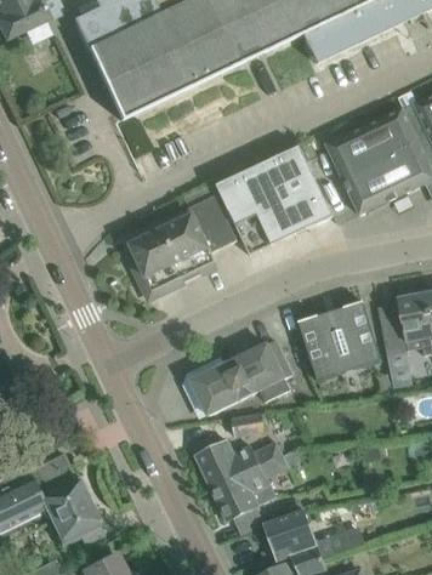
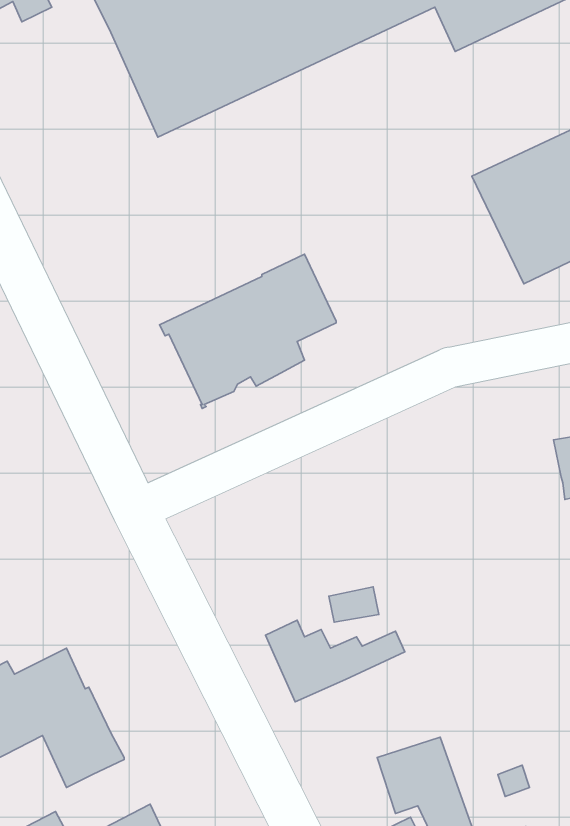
building: [216,144,332,255] -> none
building: [297,301,381,380] -> none
building: [191,340,292,415] -> none
building: [210,455,288,522] -> none

